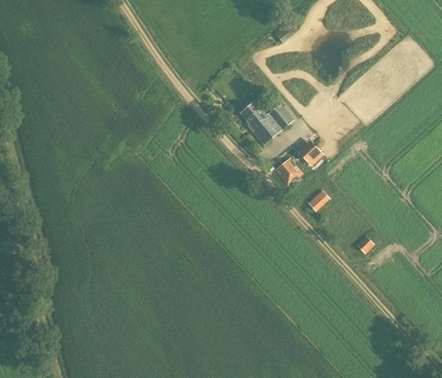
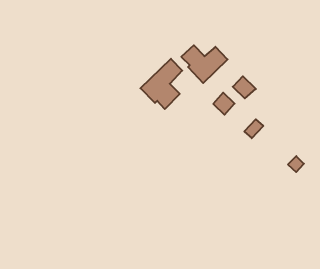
building: none -> [140,59,182,109]

